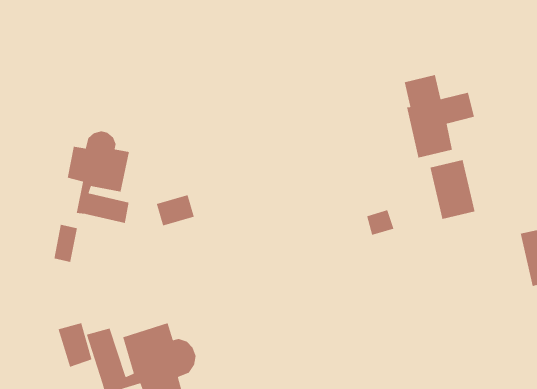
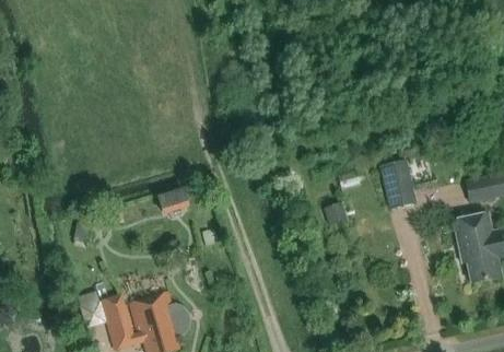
building: [404,74,475,158] -> none
building: [67,131,130,224] -> none

